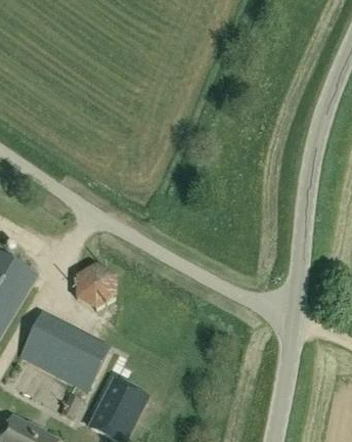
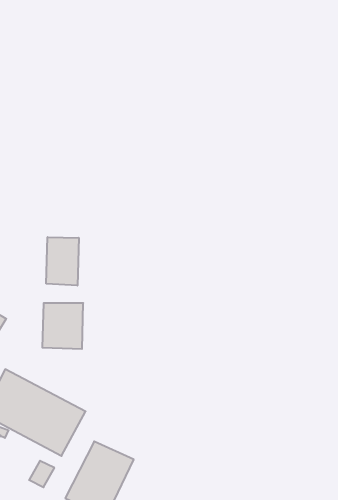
building: none -> [46,237,79,286]

